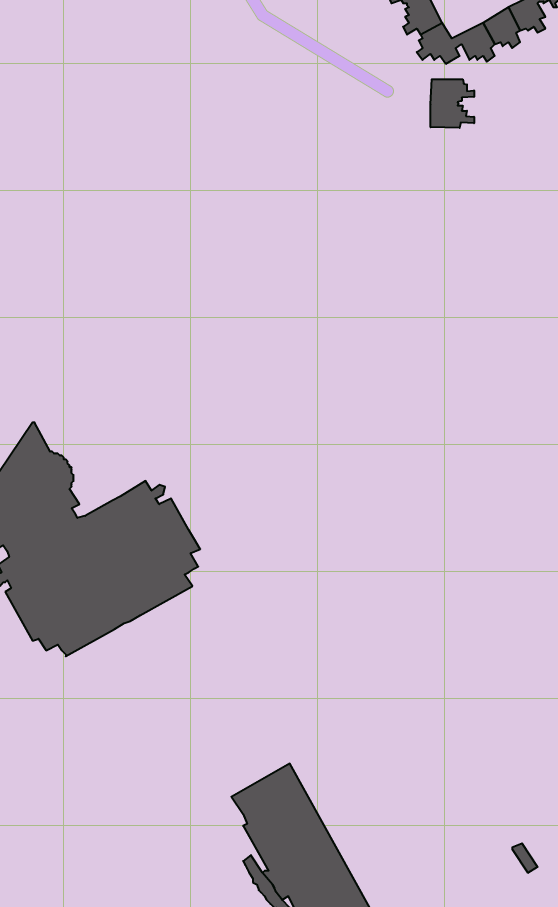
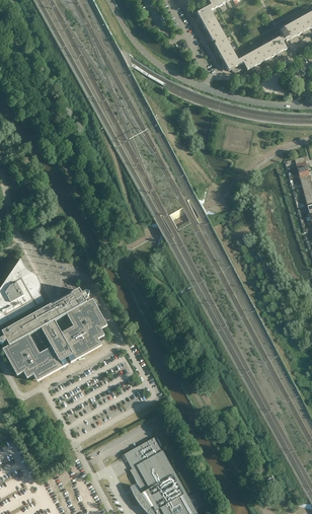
building: [431,79,474,128] -> none

